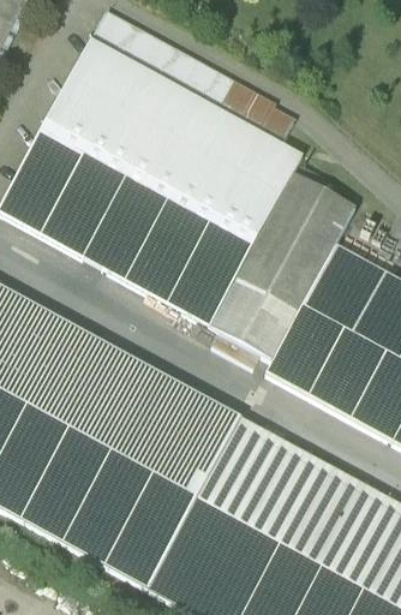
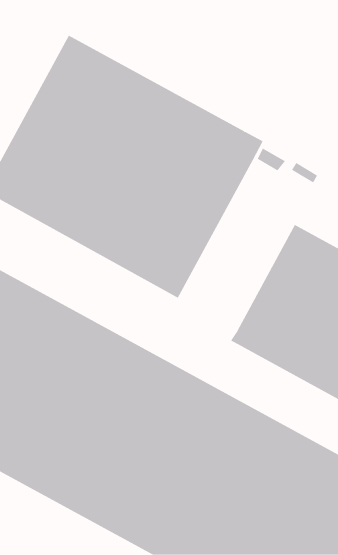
building: [91,12,295,144] -> none
building: [209,175,355,360] -> none

